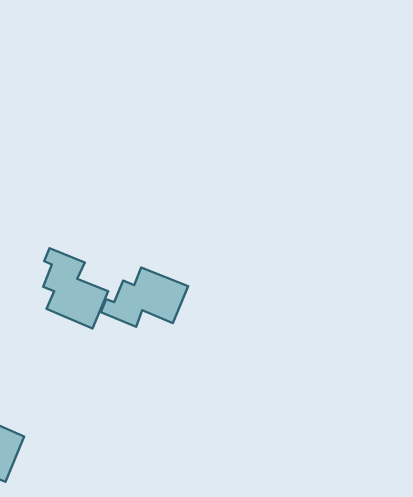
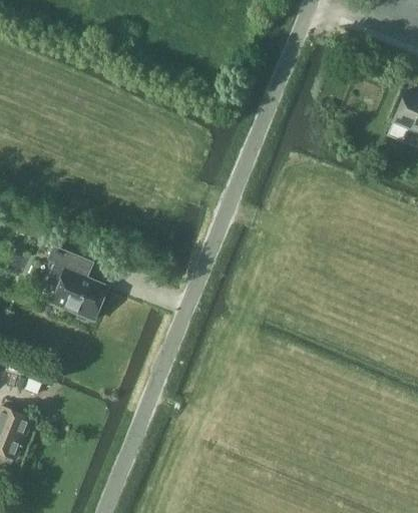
building: [101,268,188,327] -> none

